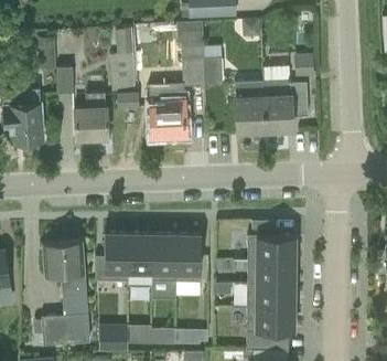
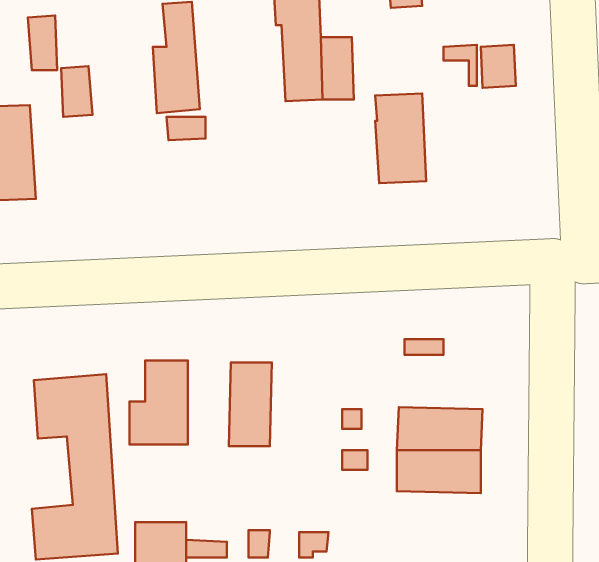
building: [261,79,308,131] -> none
building: [150,91,186,137] -> none
building: [74,93,108,140] -> none
building: [127,233,153,286] -> none
building: [175,234,201,283] -> none
building: [248,235,295,261] -> none
building: [247,307,294,332] -> none

